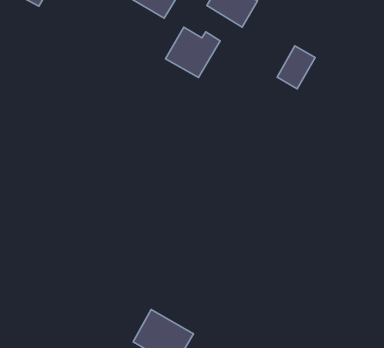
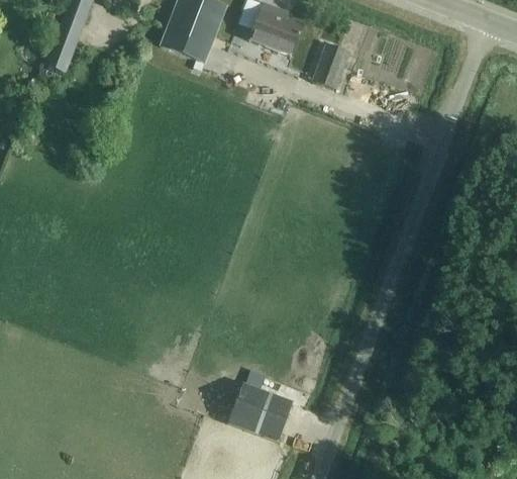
building: [165,27,220,78] -> none
building: [277,46,315,89] -> [312,41,350,88]

